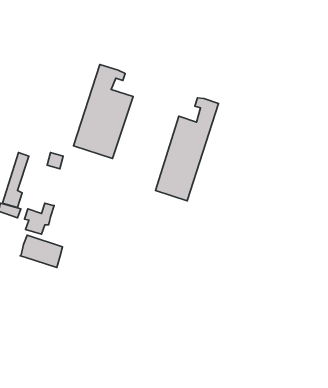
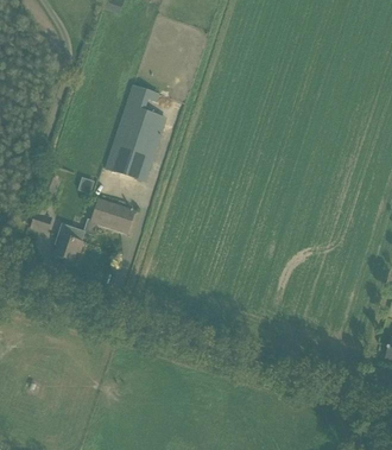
building: [155,98,218,201] -> none
building: [20,235,62,267] -> [90,198,134,232]

